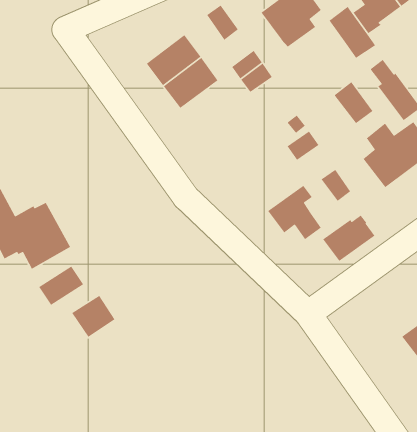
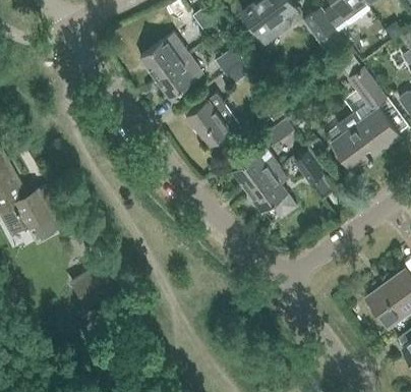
building: [334,81,373,124] -> none
building: none -> [186,94,238,146]
building: [322,214,376,262] -> [232,148,280,190]
building: [38,265,84,306] -> none

